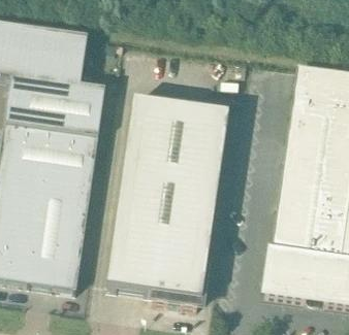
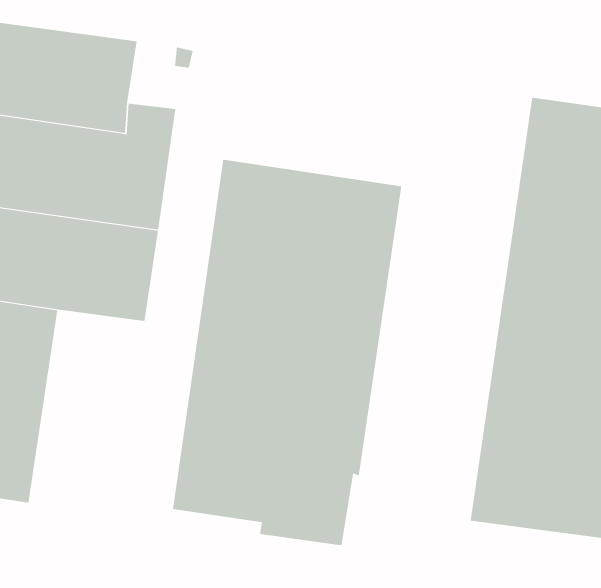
building: [29,178,91,289] -> none

